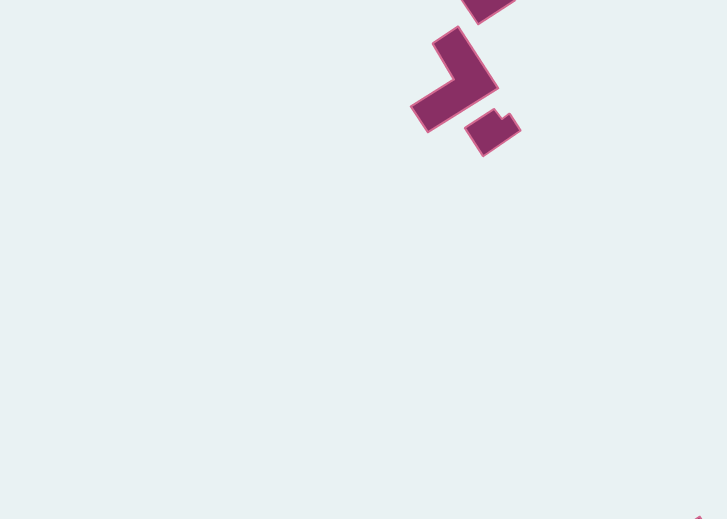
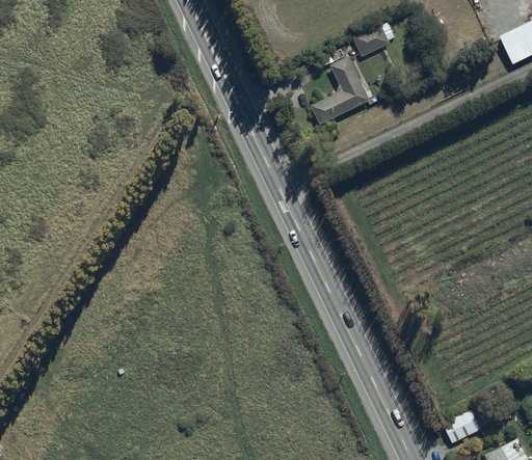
building: [465,109,520,156] -> none

